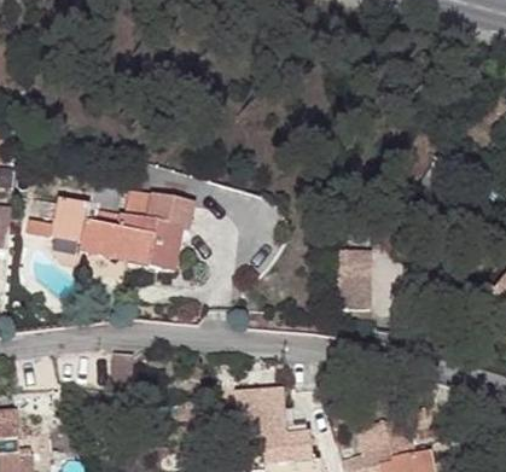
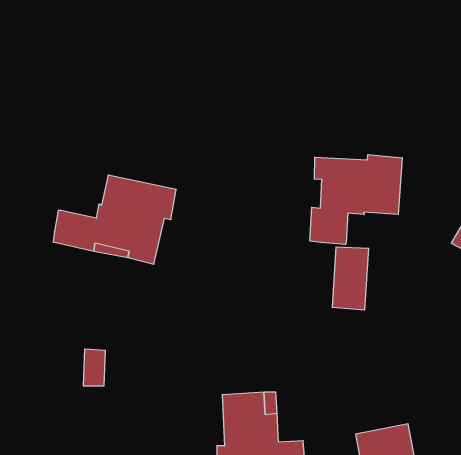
building: none -> [310,155,402,245]
building: [52,198,89,239] -> none

